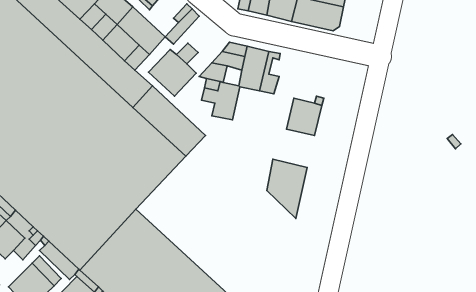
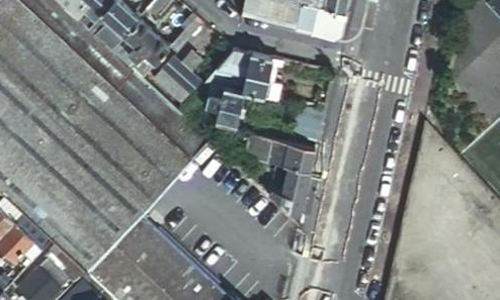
building: none -> [252,136,314,172]

